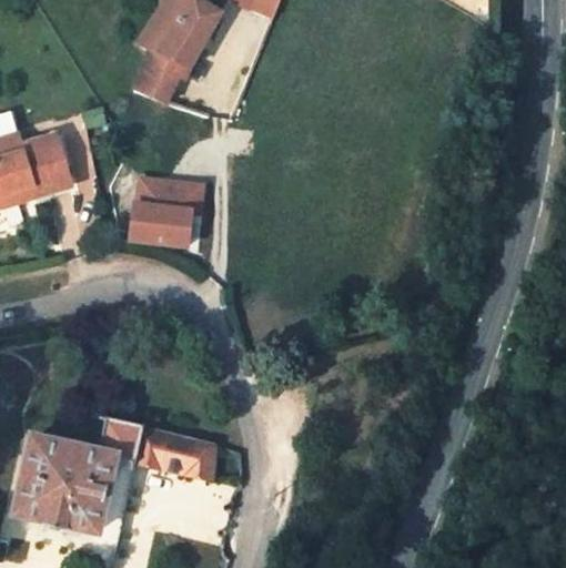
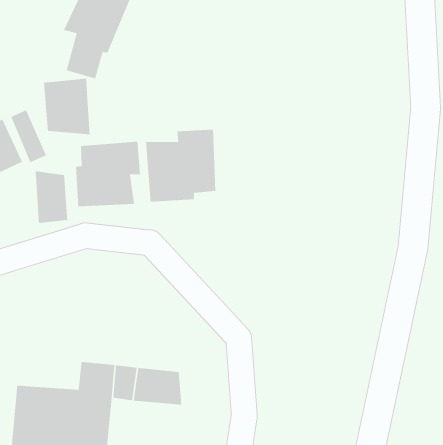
building: none -> [44,78,90,135]
building: none -> [145,129,216,202]
building: none -> [35,170,68,224]

